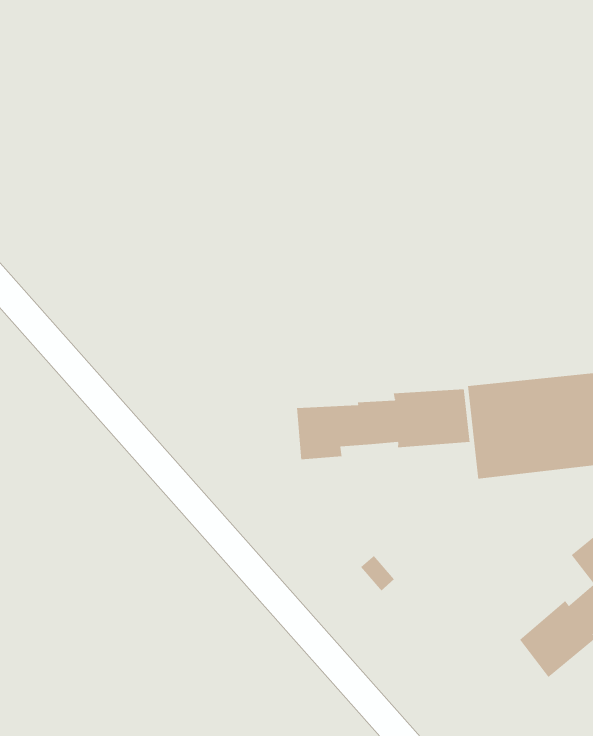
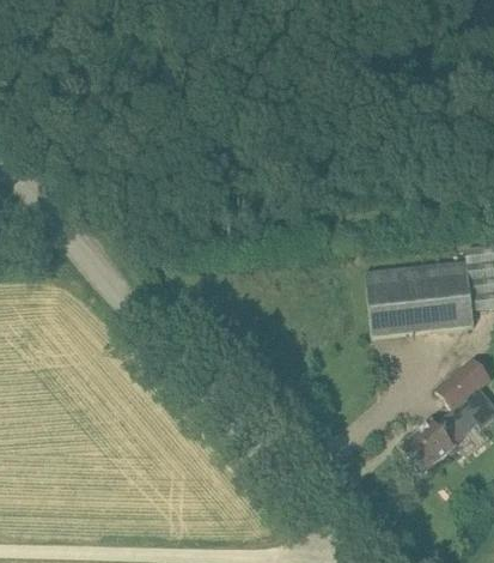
building: [296,389,470,460] -> none

